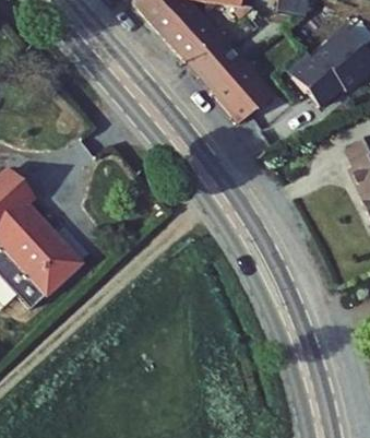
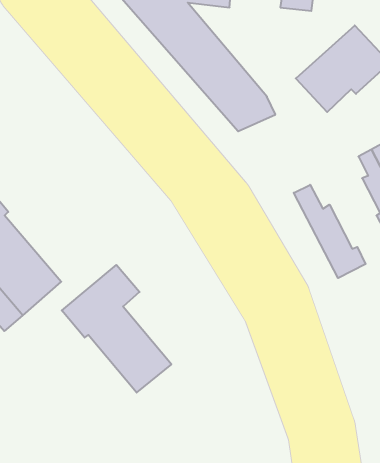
building: none -> [294,185,366,278]
building: none -> [62,265,171,393]

